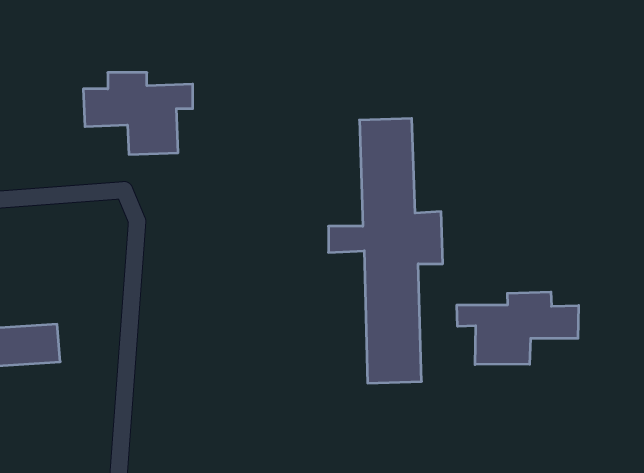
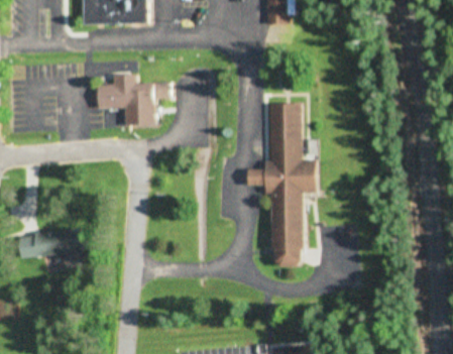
building: [457,292,579,365] -> none

